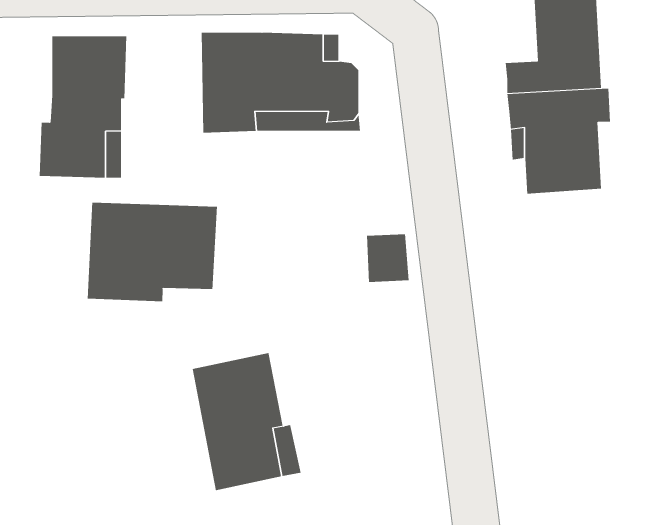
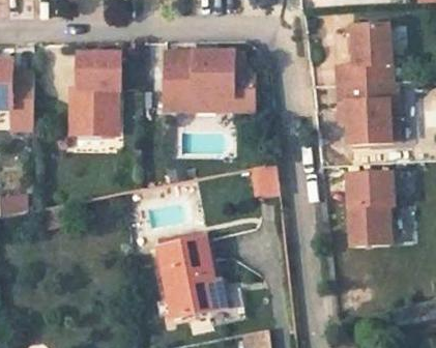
building: [87,202,217,302] -> none
building: none -> [347,173,391,246]

